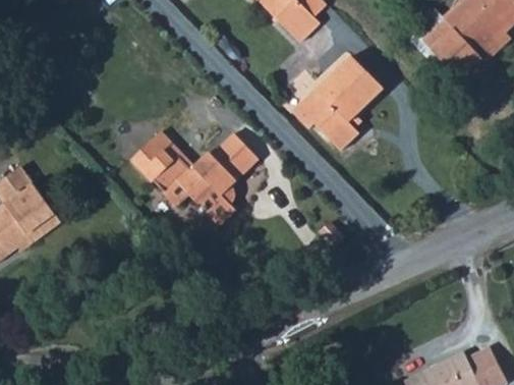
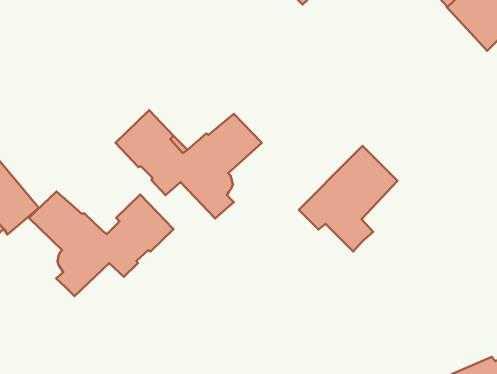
building: [292,54,379,147] -> [299,146,397,252]
building: none -> [29,191,173,296]

